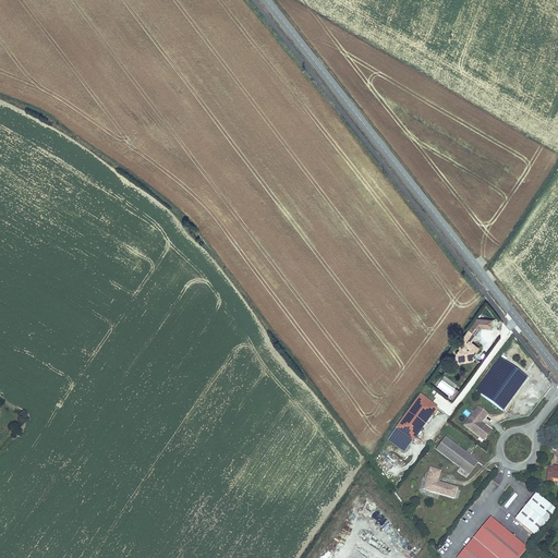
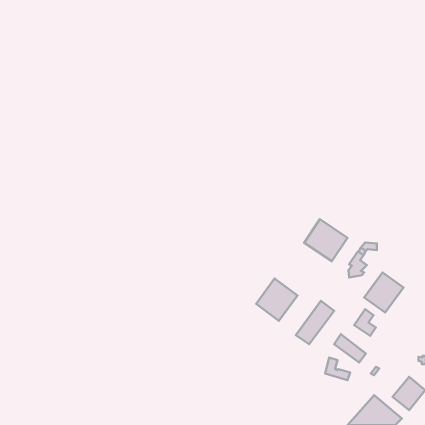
building: none -> [304,219,347,261]
building: none -> [256,278,298,321]

